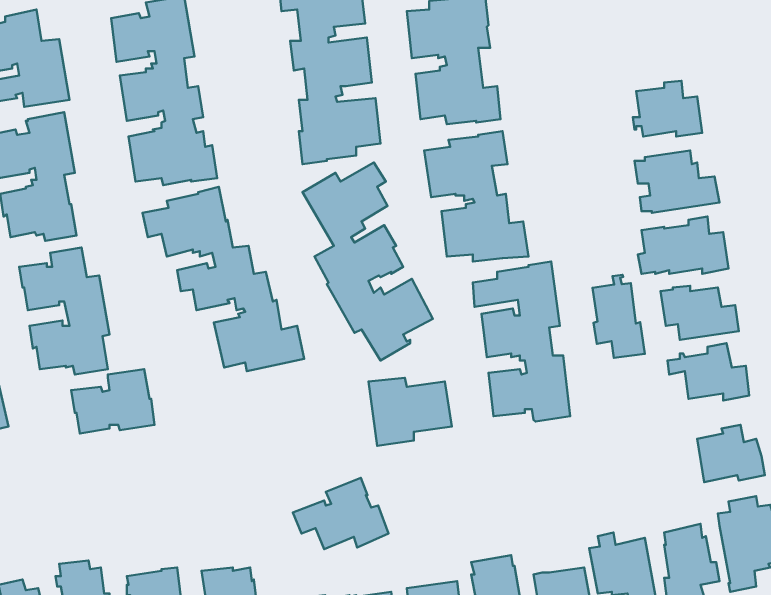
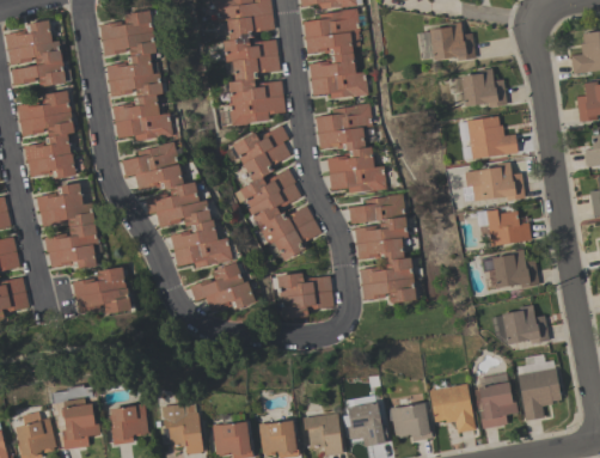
building: none -> [416,22,475,60]
building: [592,275,645,358] -> none
building: [293,478,388,549] -> [189,262,255,311]

